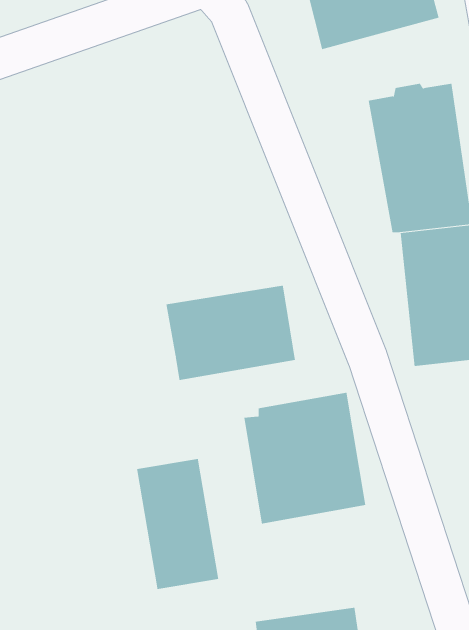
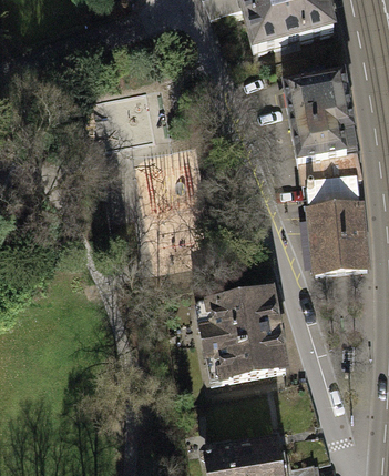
building: [166,285,296,381] -> none
building: [137,458,219,590] -> none

